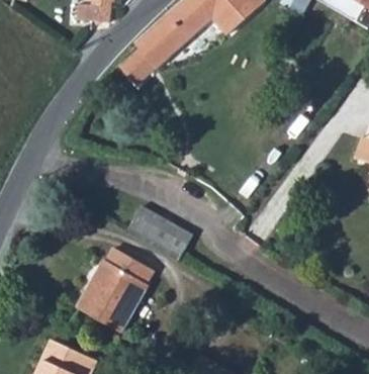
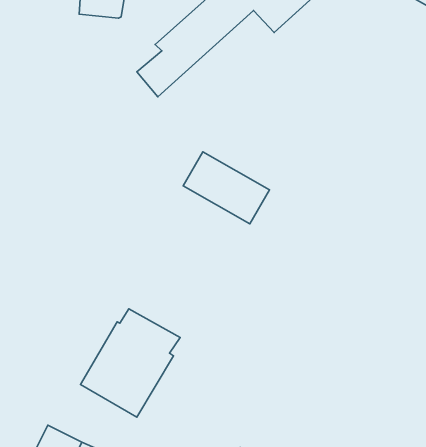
building: [126,204,193,260] -> [183,152,270,224]

